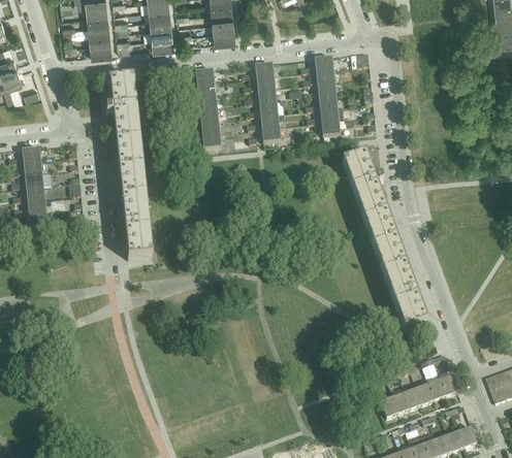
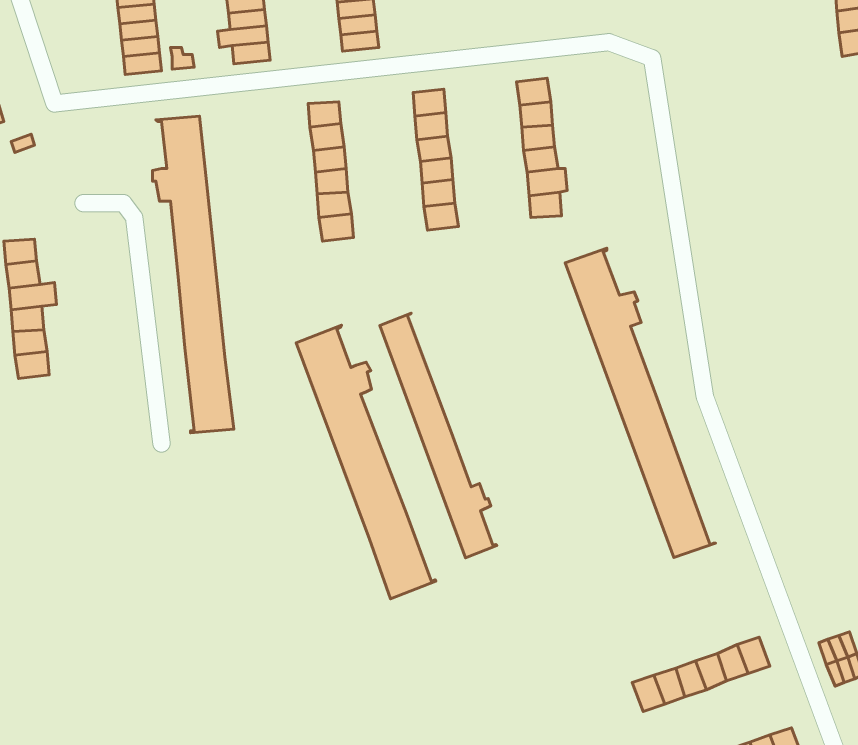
building: none -> [380,313,497,558]
building: none -> [296,325,436,599]

